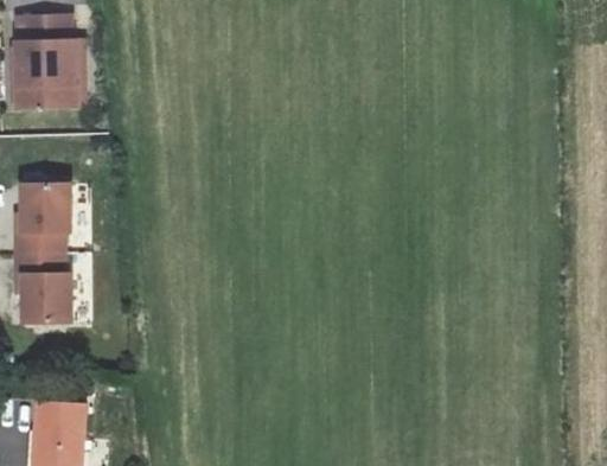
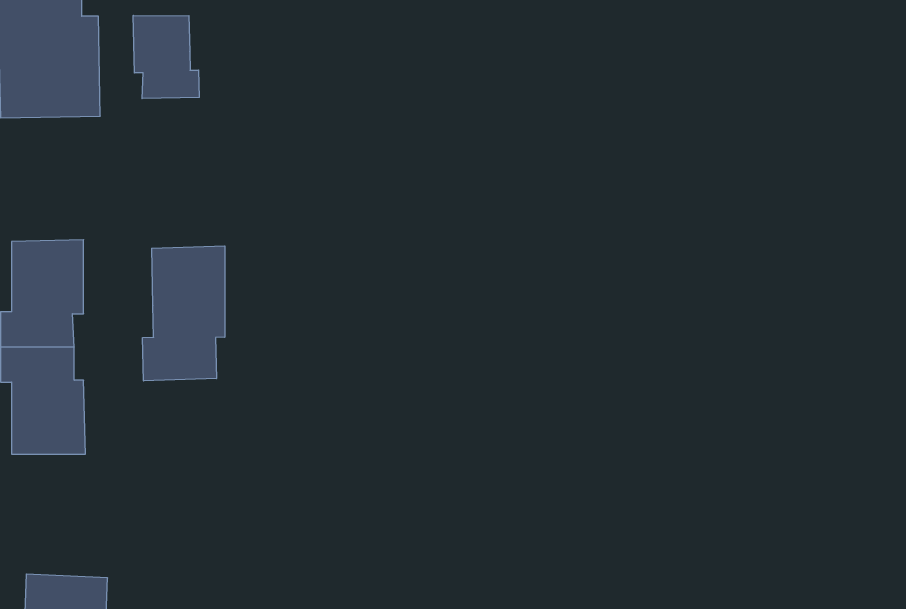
building: none -> [133,15,199,99]
building: none -> [143,246,225,381]

